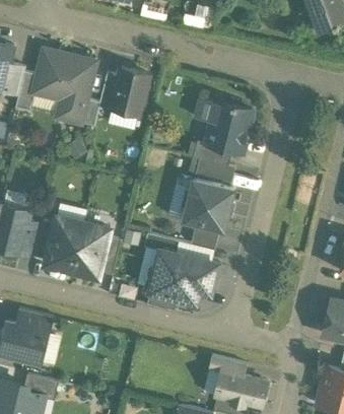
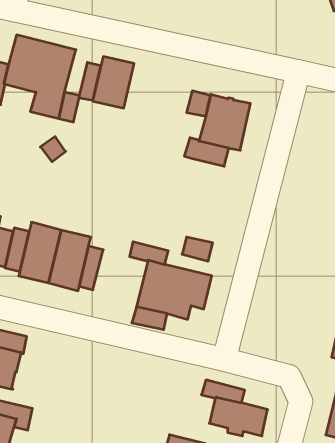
building: [196,158,234,183] -> none
building: [182,180,232,228] -> none

